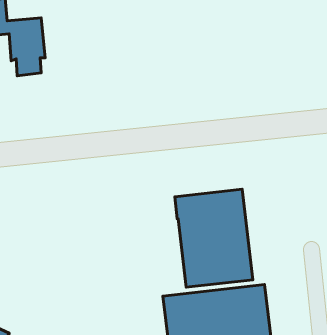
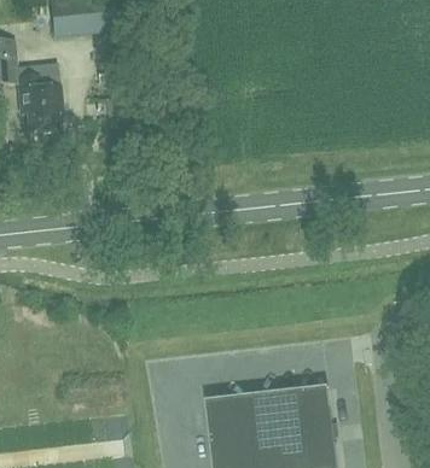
building: [175,189,253,287] -> none

